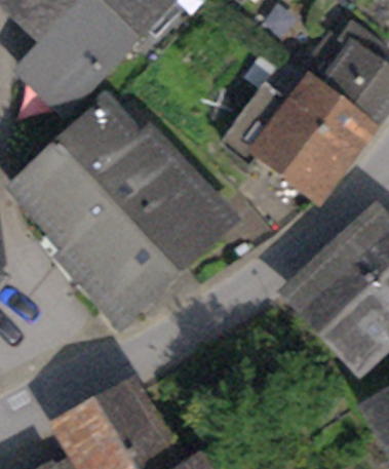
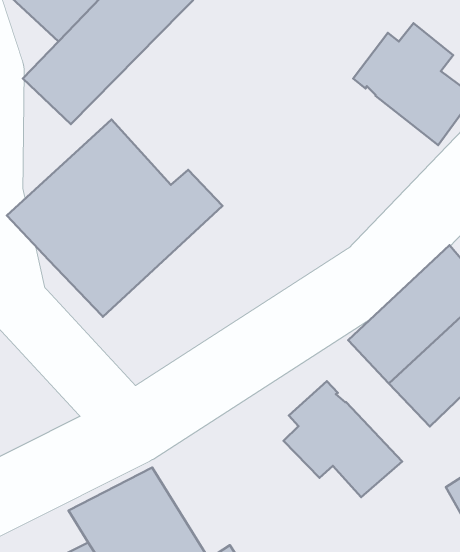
building: [226,65,371,201] -> none
building: [75,181,232,316] -> none
building: none -> [283,381,402,497]

